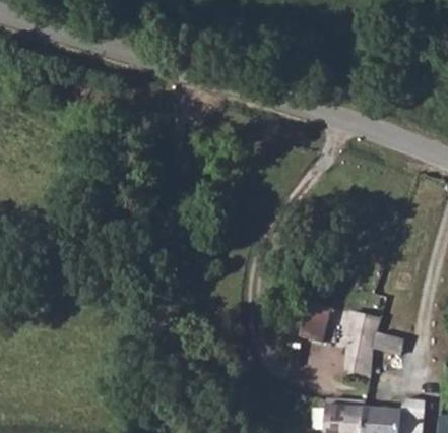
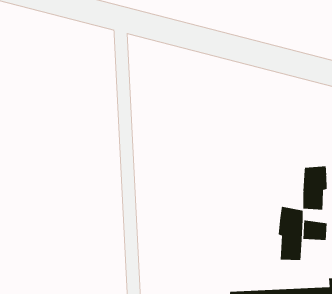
building: none -> [303,166,327,210]
building: [299,301,332,341] -> none

